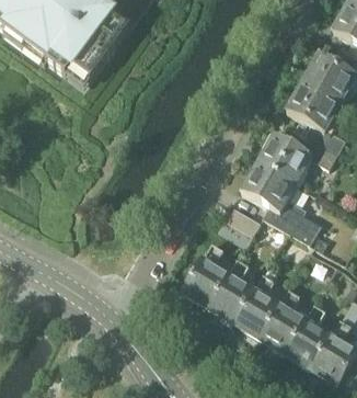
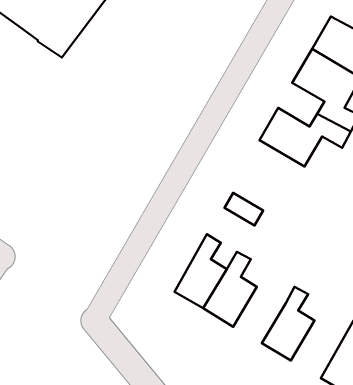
building: [240,160,321,243] -> none
building: [233,273,279,338] -> none
building: [284,304,330,368] -> none

